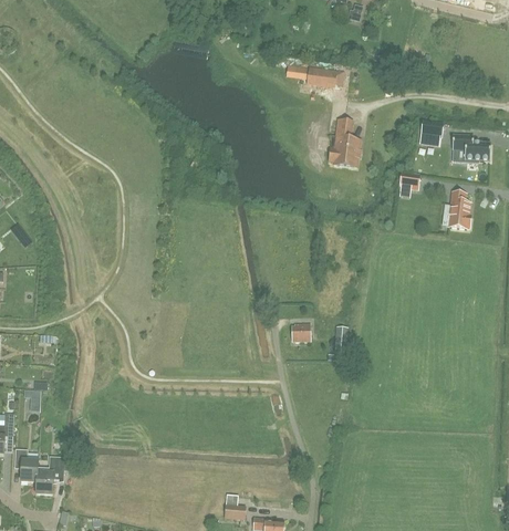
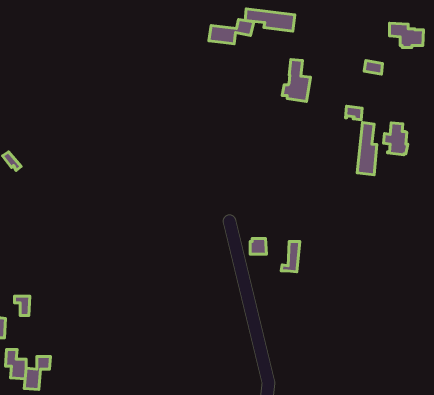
building: none -> [209,20,254,44]
building: [451,134,490,162] -> [390,23,424,47]
building: none -> [357,123,377,175]

